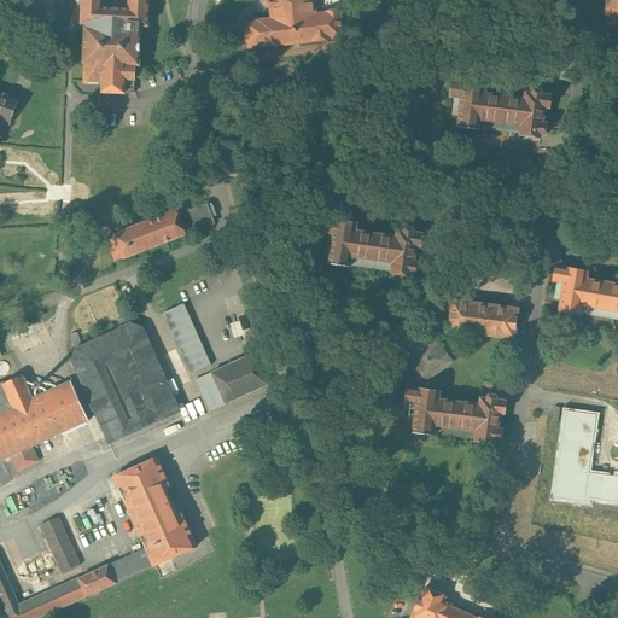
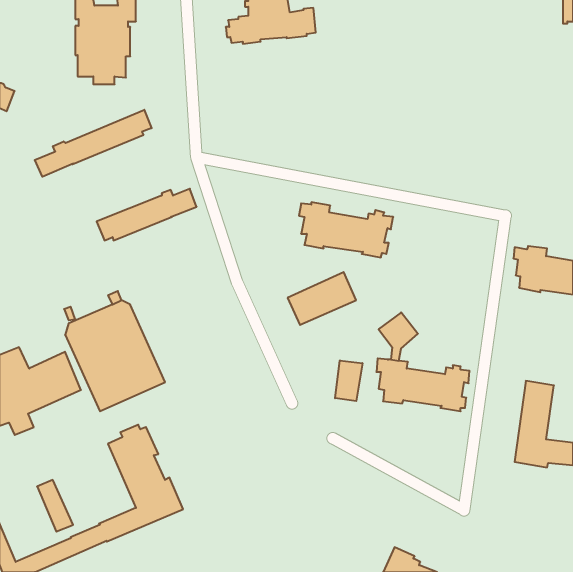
building: [448,82,548,138] -> none
building: none -> [35,110,152,177]
building: [447,299,517,337] -> none
building: [162,302,209,373] -> none
building: [192,354,266,410] -> [288,272,356,325]
building: none -> [335,360,362,401]

